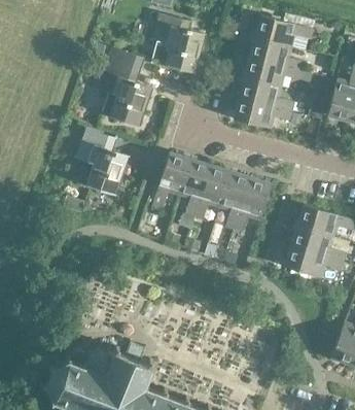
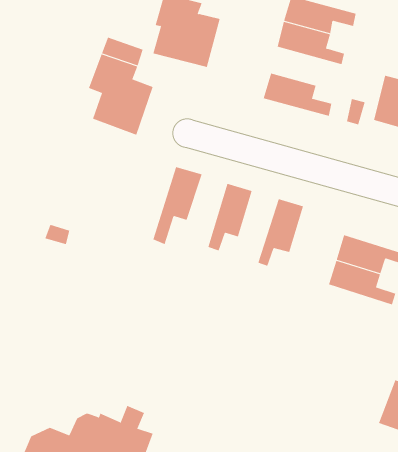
building: [245,56,309,87] -> none
building: [234,97,297,128] -> none
building: [76,128,128,195] -> none
building: [178,158,210,216] -> none
building: [219,171,251,229] -> none
building: [284,246,343,278] -> none

